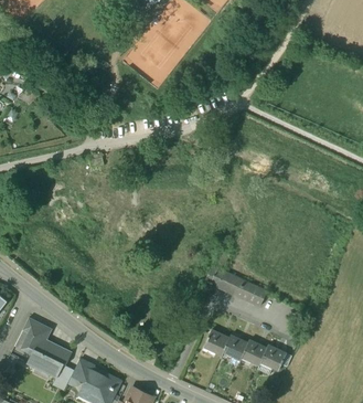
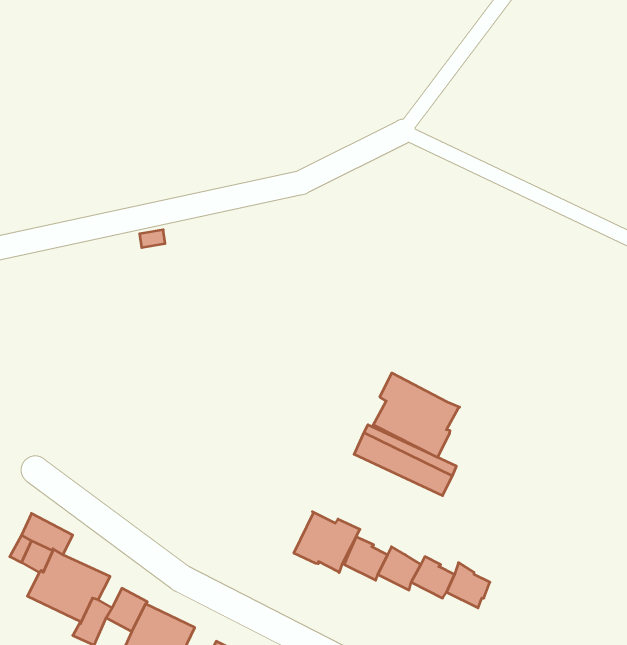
building: none -> [373,373,460,457]
building: none -> [294,512,360,573]

